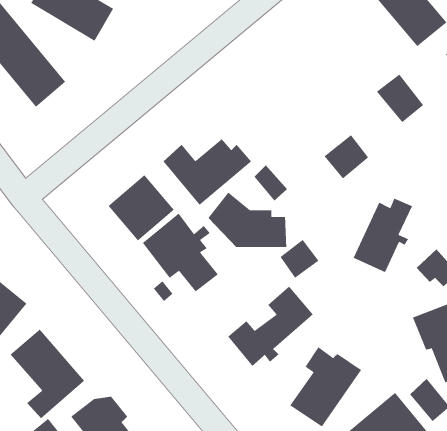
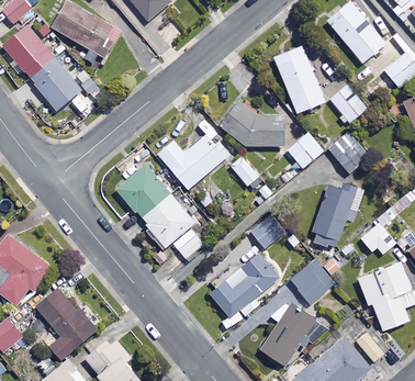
building: none -> [273,46,324,113]
building: none -> [327,135,363,172]
building: [207,192,287,248] -> [221,101,284,146]
building: none -> [289,258,334,303]

